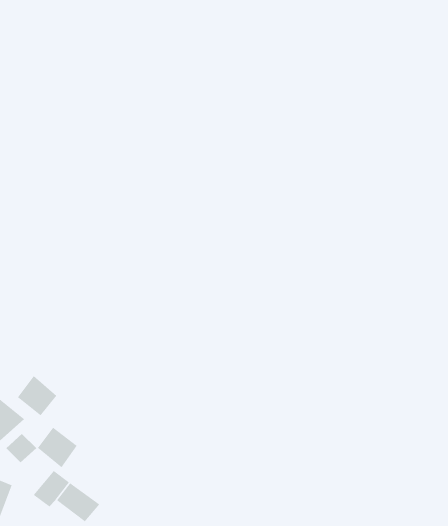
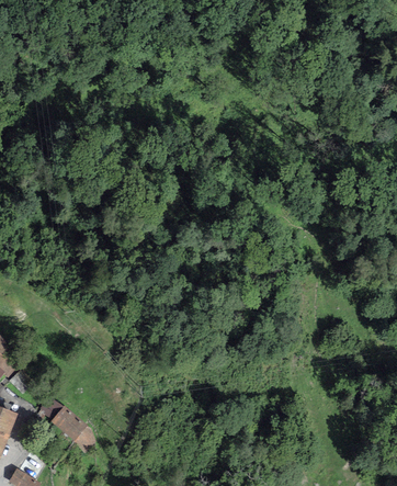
building: [17,375,57,416] -> none
building: [37,427,78,468] -> none

